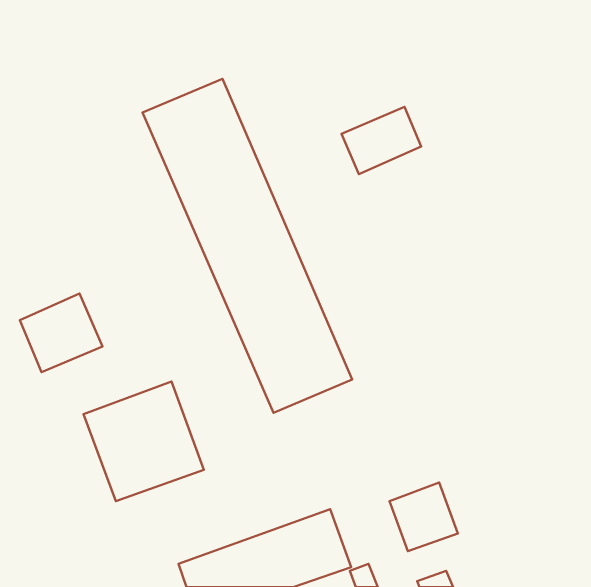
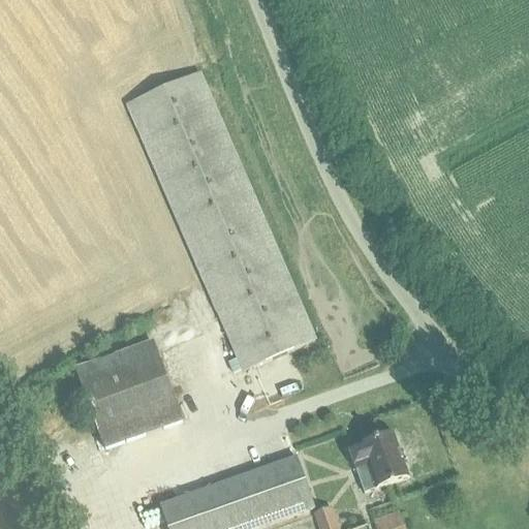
building: [341,107,421,174] -> none
building: [20,294,103,372] -> none

